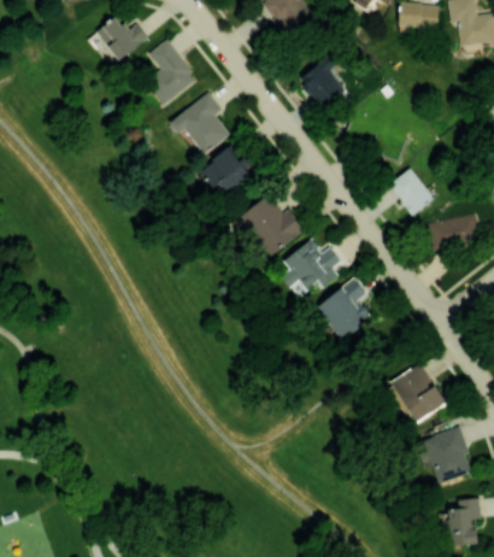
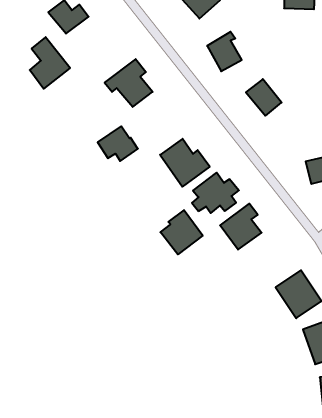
building: [146,39,198,105] -> [30,37,70,89]
building: [199,147,251,192] -> [98,126,138,161]
building: [388,168,434,215] -> [246,79,282,116]
building: none -> [160,210,203,254]

